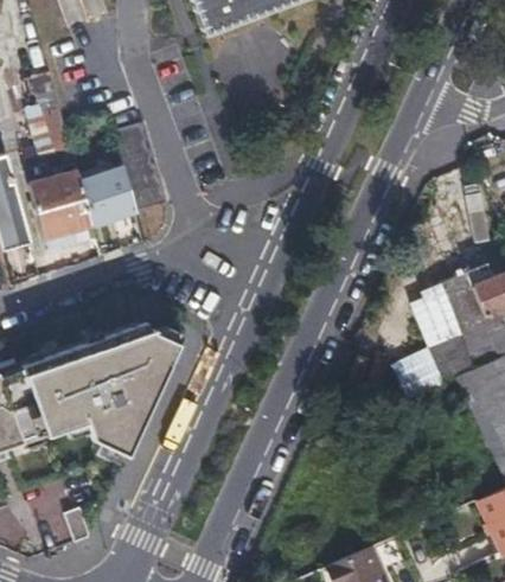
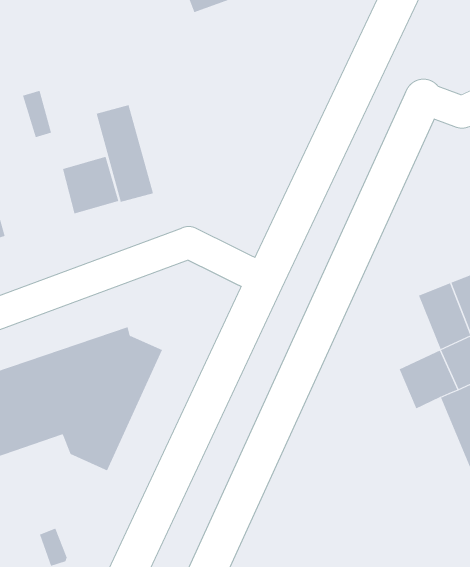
building: [33,166,94,234] -> none

